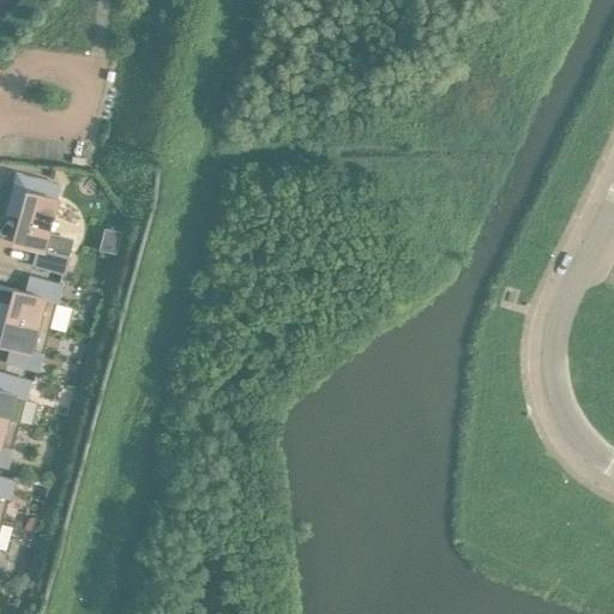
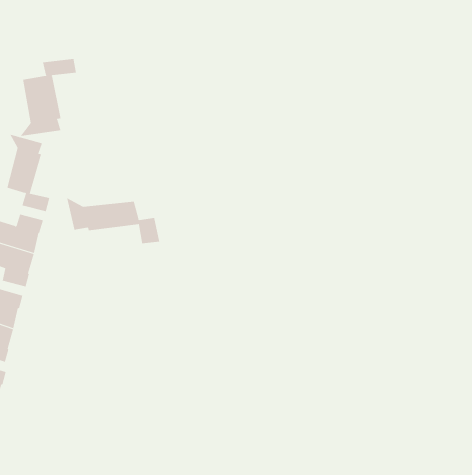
building: none -> [19,58,77,137]
building: none -> [67,197,160,244]

